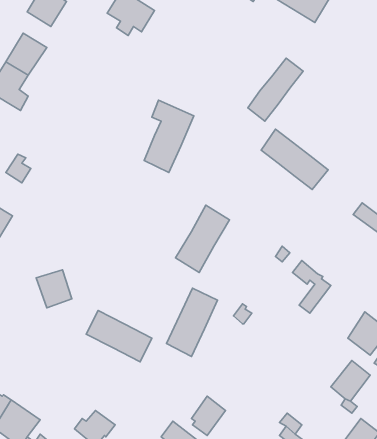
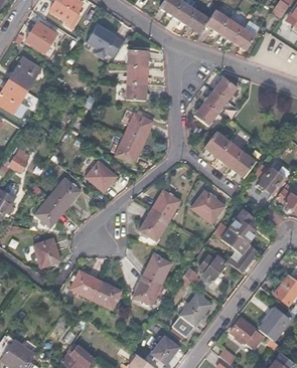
building: none -> [126,49,148,101]
building: none -> [86,161,116,191]
building: none -> [257,165,287,193]
building: none -> [35,178,80,226]
building: none -> [192,190,225,222]
building: none -> [230,209,257,241]
building: none -> [199,254,226,281]
building: none -> [171,291,210,335]
building: none -> [230,317,263,348]

